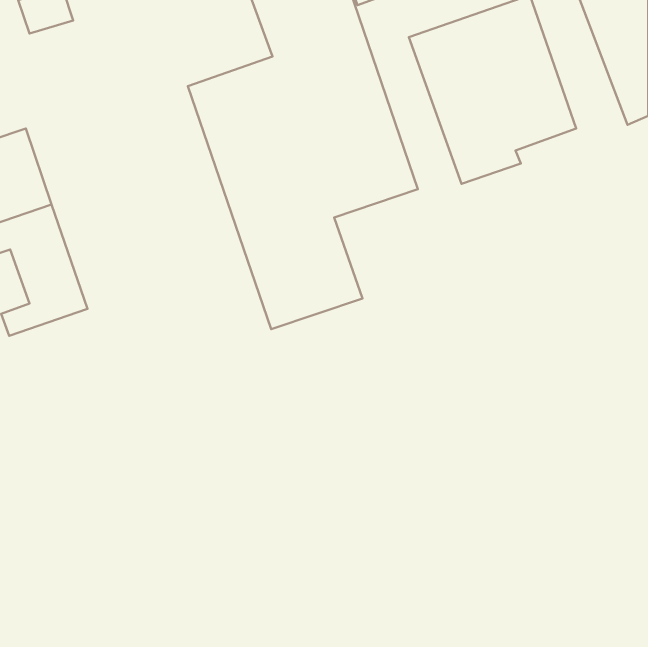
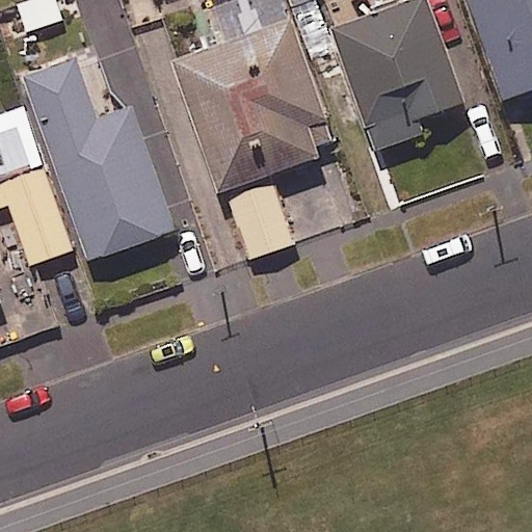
building: none -> [23,56,176,261]

